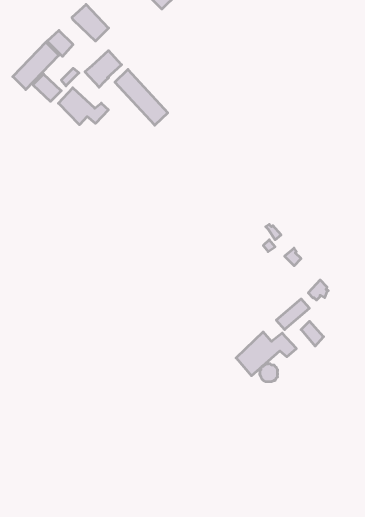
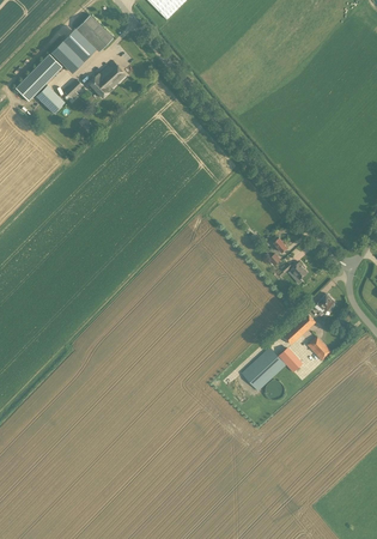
building: [115,69,168,125] -> none
building: [58,88,108,125] -> none

